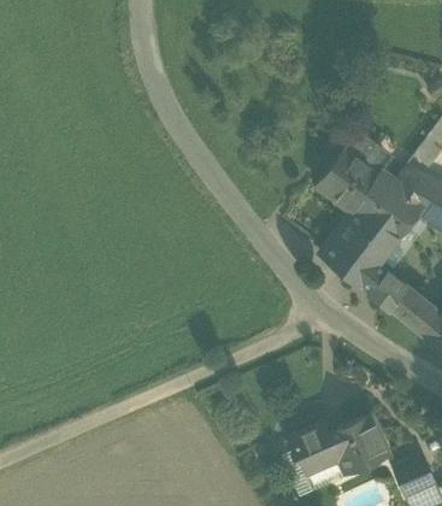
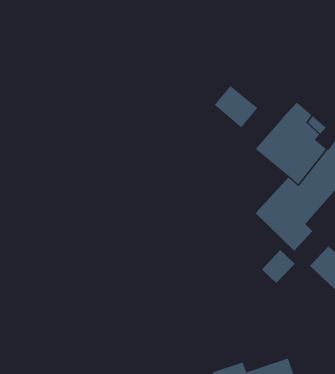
building: none -> [214,85,258,128]
building: [369,271,406,310] -> [261,249,295,284]

